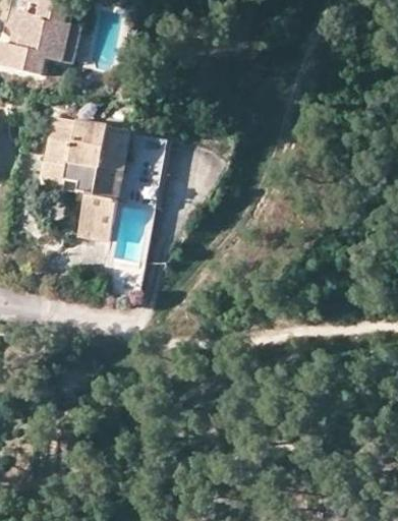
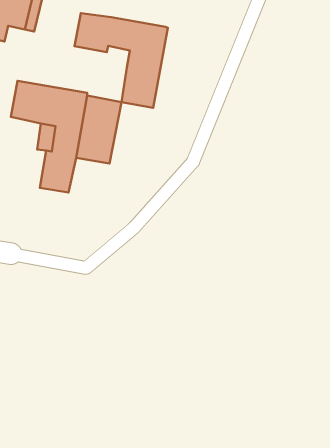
building: none -> [75,13,168,108]

